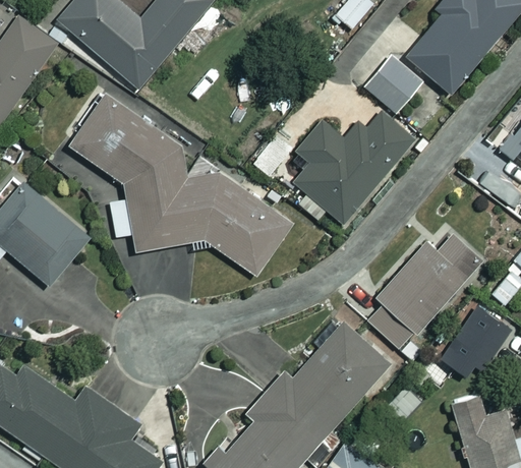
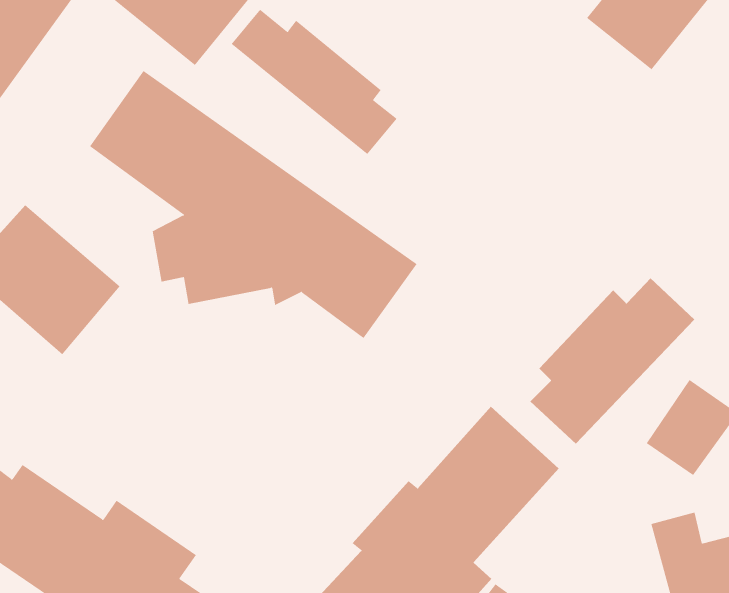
building: none -> [231,9,398,155]
building: [365,58,421,113] -> none
building: [292,111,413,224] -> none

